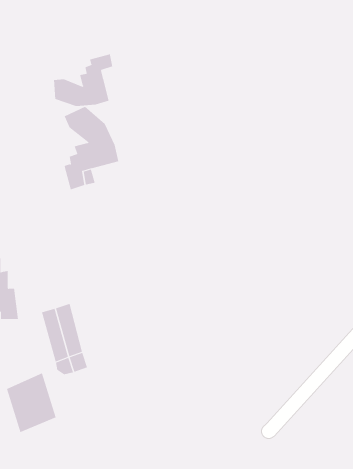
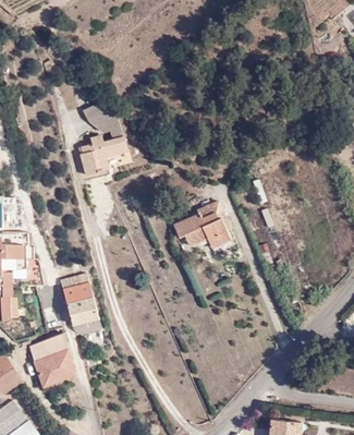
building: [53,54,113,107] -> none
building: none -> [174,202,229,247]

